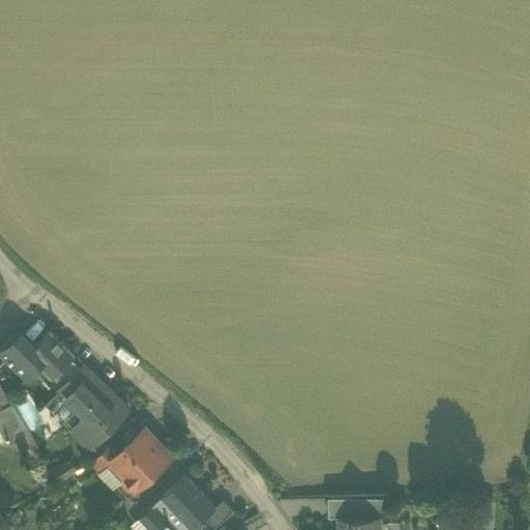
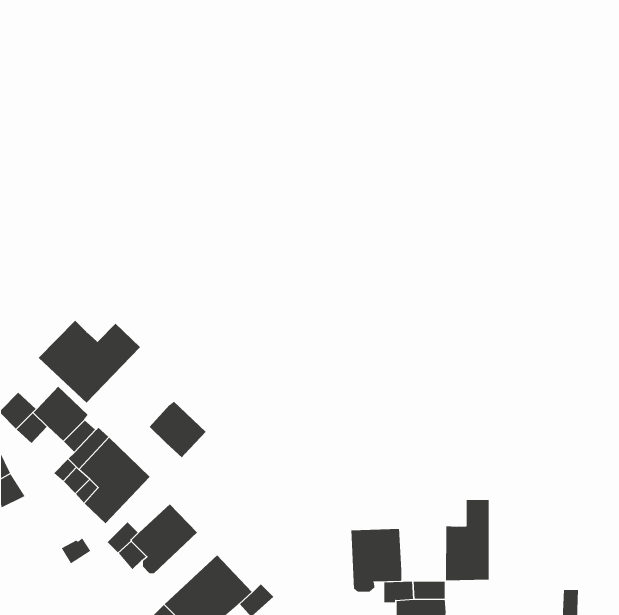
building: none -> [38,320,141,404]
building: none -> [149,401,207,458]
building: none -> [445,499,489,581]
building: none -> [351,528,402,592]

